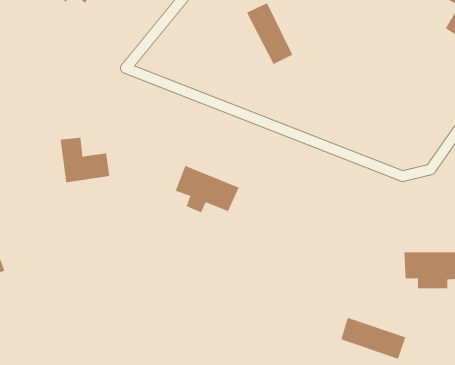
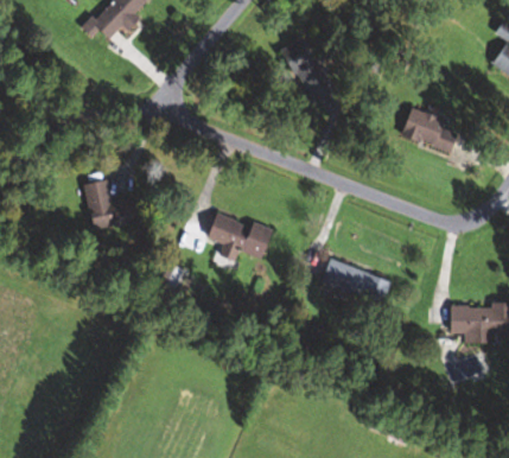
building: none -> [402,108,457,153]
building: [340,317,406,360] -> [320,257,390,303]

